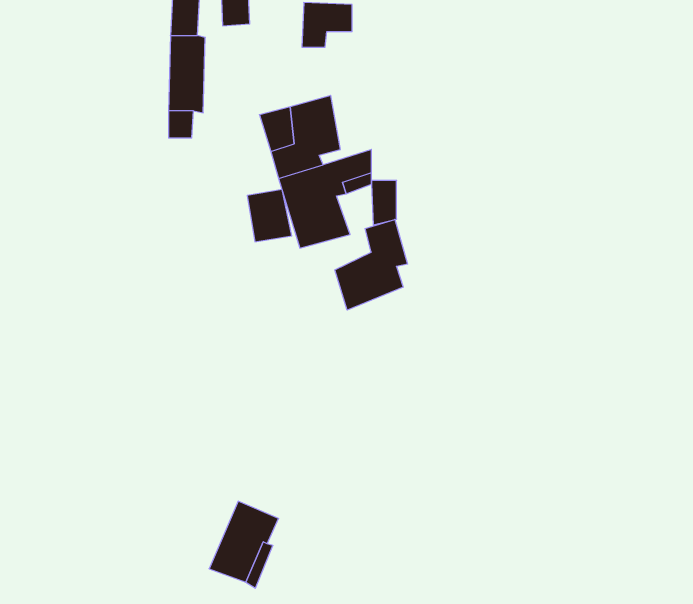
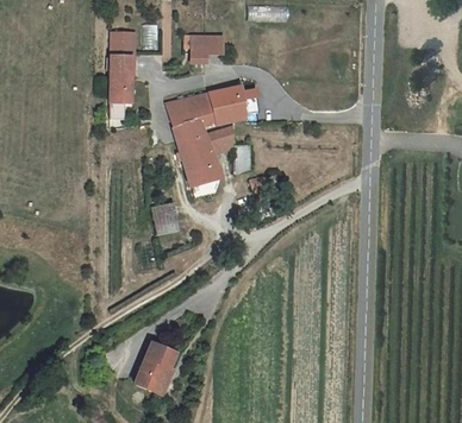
building: none -> [208,87,245,126]
building: [247,190,292,242] -> [150,203,177,235]
building: [335,219,408,310] -> none

